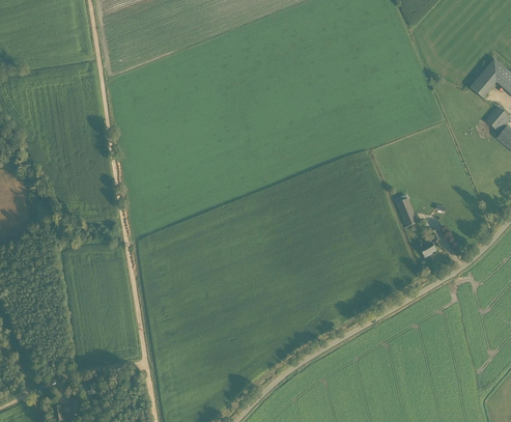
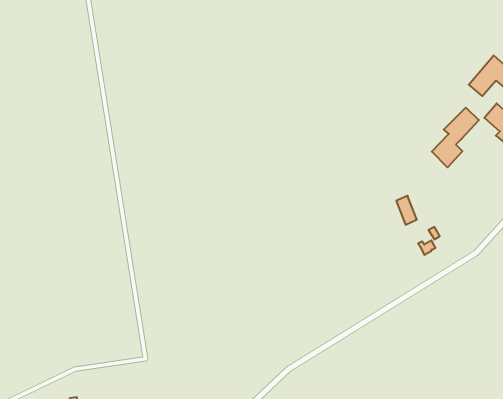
building: none -> [432,108,479,167]

